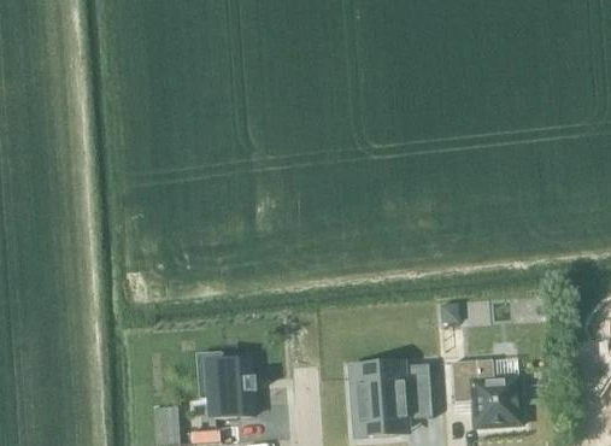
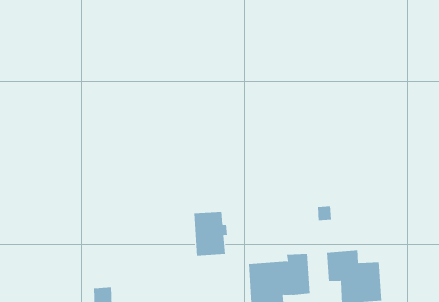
building: [211,359,255,417] -> [193,211,228,256]

